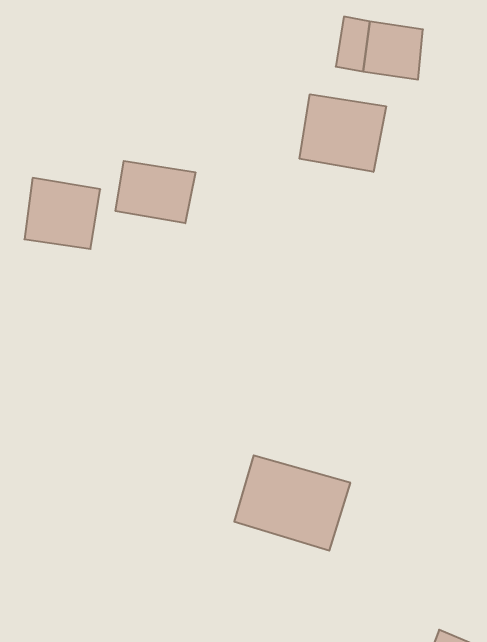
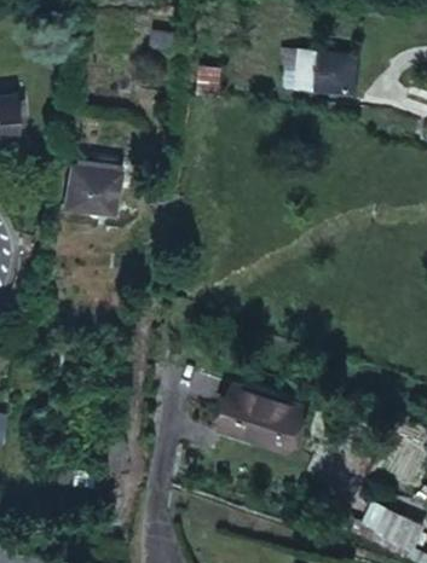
building: [300,94,386,172] -> none
building: [116,161,195,223] -> none

